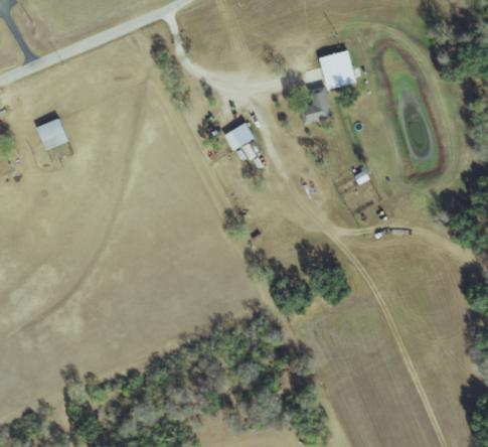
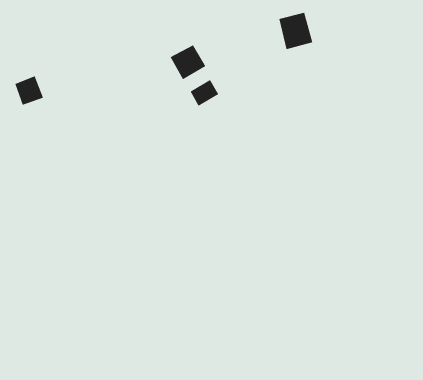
building: none -> [170,44,206,80]
building: [298,91,332,124] -> none

